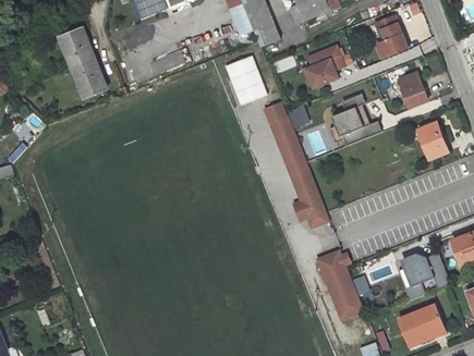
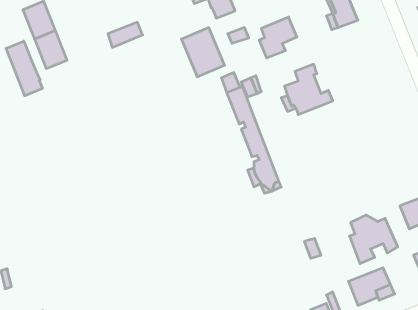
building: [385,67,427,107] -> none
building: none -> [6,41,42,96]
building: [417,122,448,159] -> none
building: [316,250,362,319] -> none

